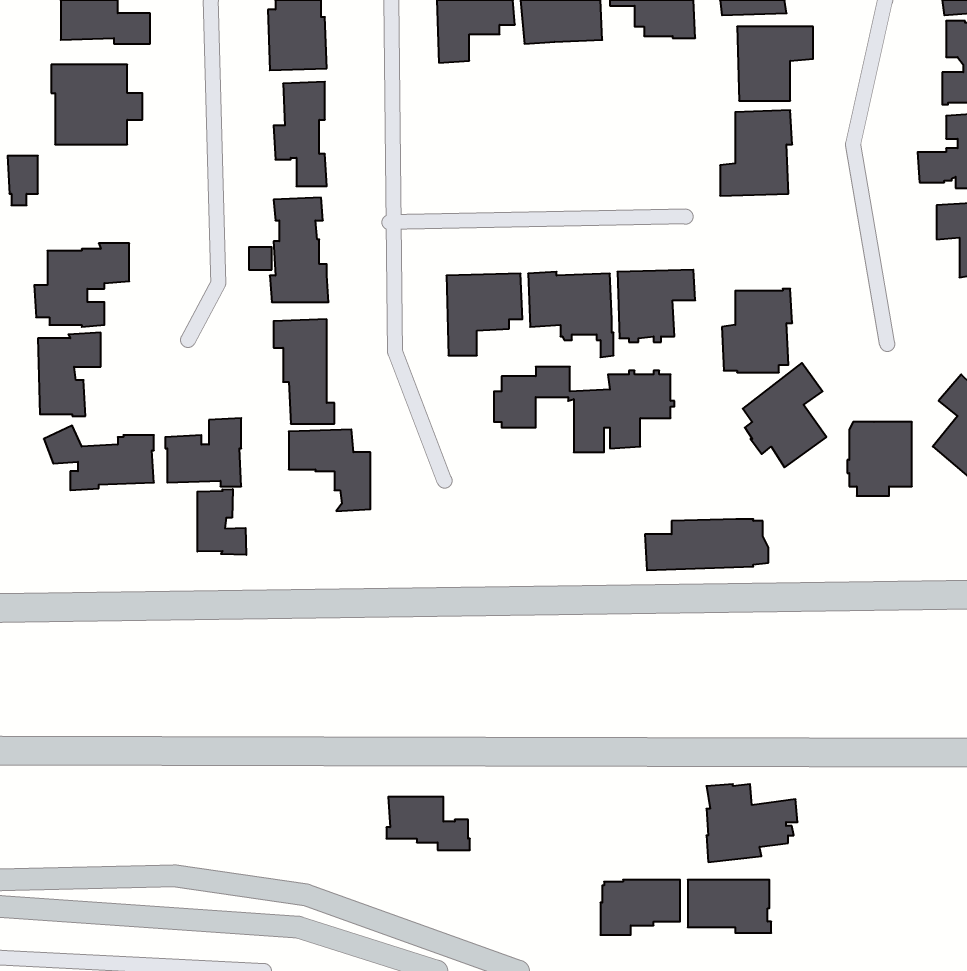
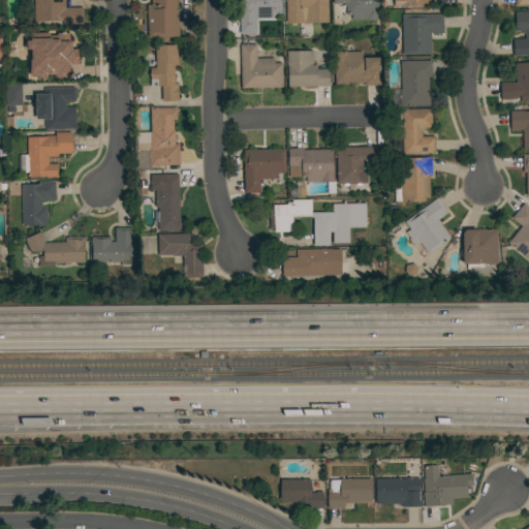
building: none -> [242,44,284,88]
building: none -> [287,51,331,87]
building: none -> [335,51,382,86]
building: none -> [35,87,77,129]
building: none -> [396,110,436,154]
building: [197,489,246,555] -> none
building: [645,519,768,570] -> [283,249,350,277]
building: [706,784,798,862] -> [424,465,473,507]
building: [386,797,470,850] -> [280,479,325,508]

